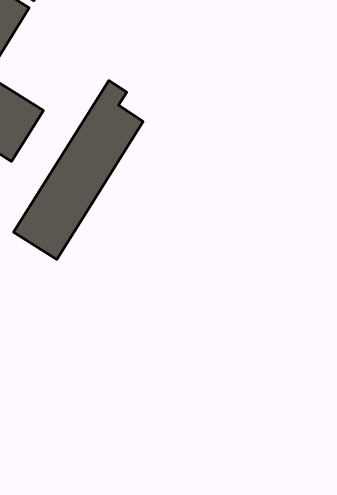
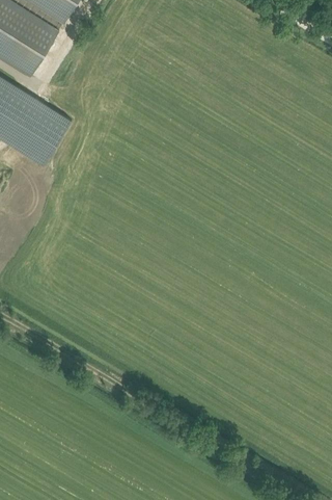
building: [13,81,143,259] -> none

